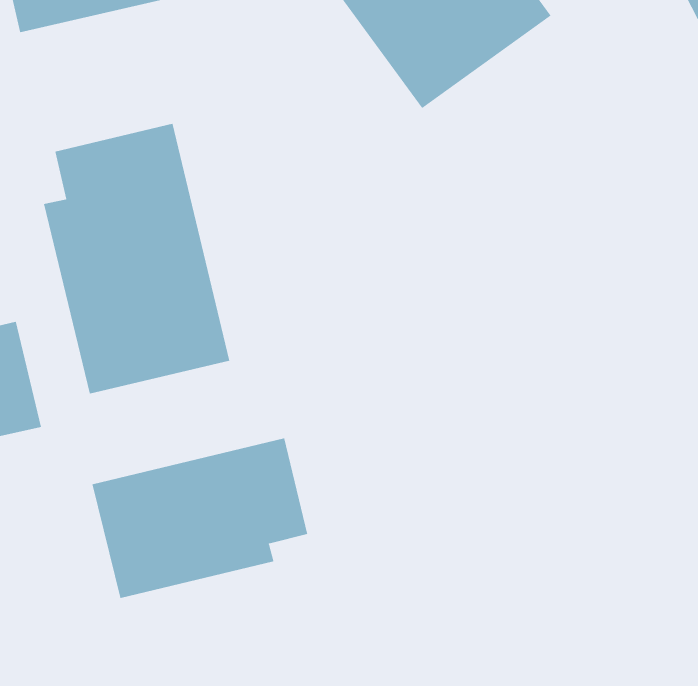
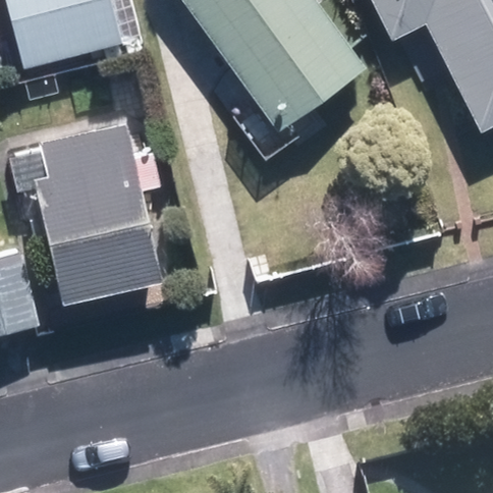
building: [92,438,308,599] -> none

